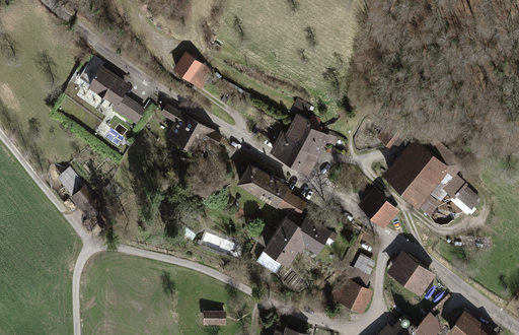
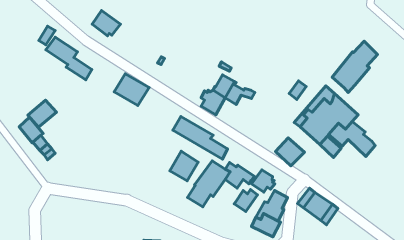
building: [176,55,210,85] -> [92,10,120,36]
building: none -> [332,41,378,92]
building: [290,144,314,172] -> none
building: none -> [28,100,56,127]
building: none -> [170,151,198,181]
building: none -> [252,170,275,192]
building: none -> [234,190,257,211]

